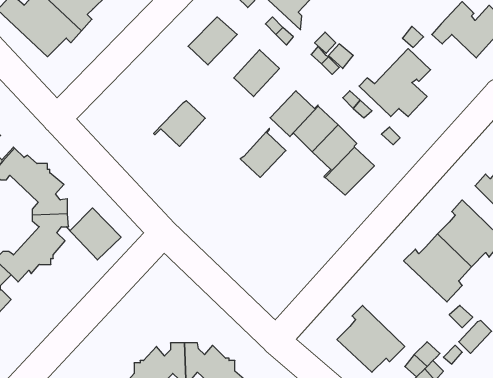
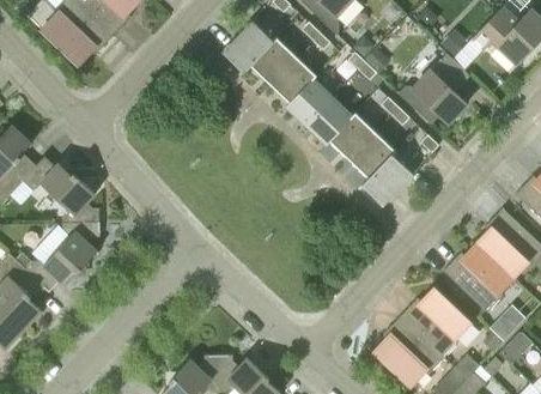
building: [154,101,205,146] -> [243,37,296,84]
building: [240,128,286,177] -> [286,74,333,125]
building: [66,208,121,260] -> none
building: none -> [401,289,469,358]

